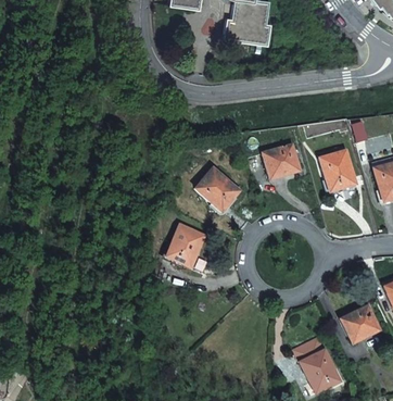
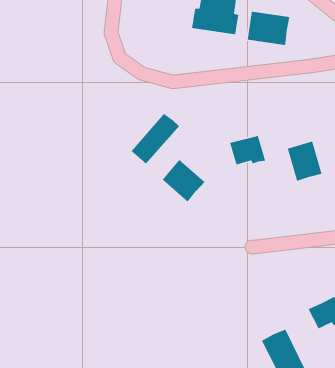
building: none -> [247,11,290,46]
building: none -> [131,113,180,165]
building: [165,225,203,267] -> none

